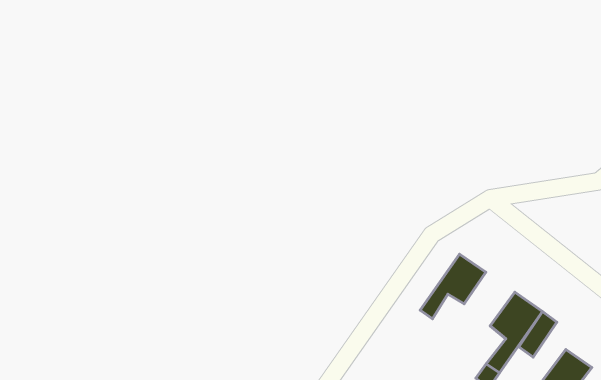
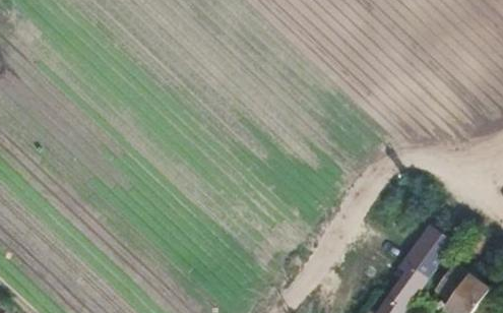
building: [420,254,486,319] -> none

